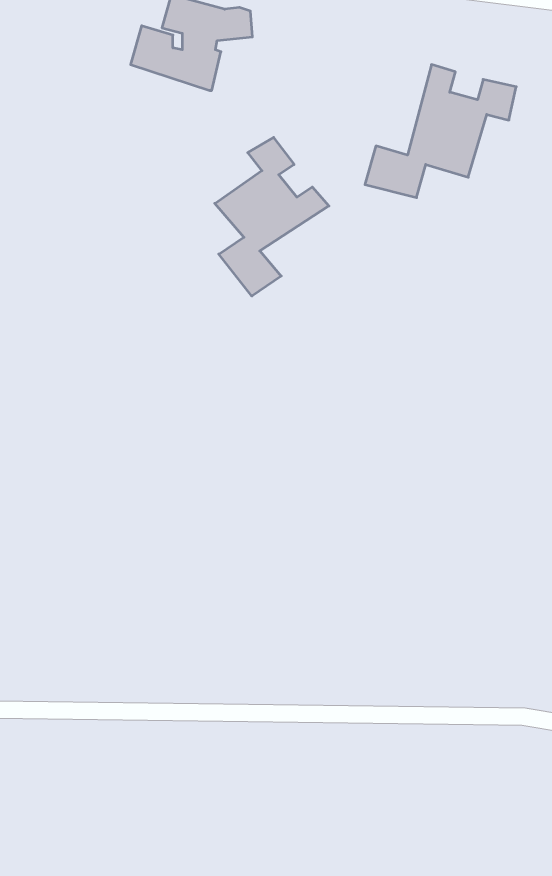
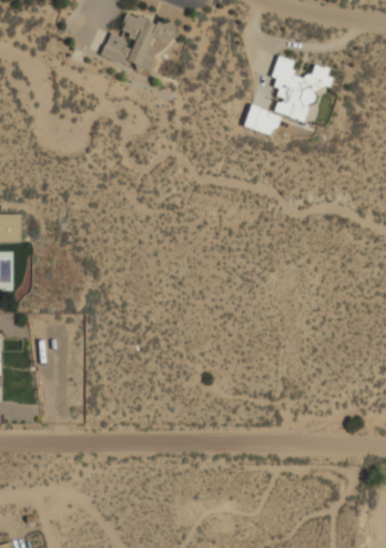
building: [215,137,329,296] -> none

